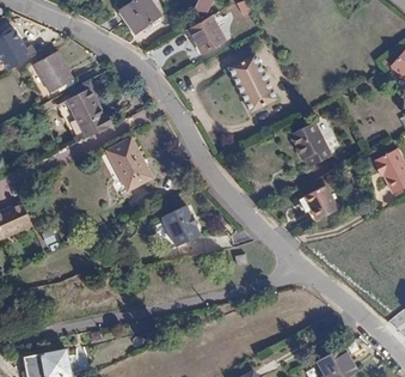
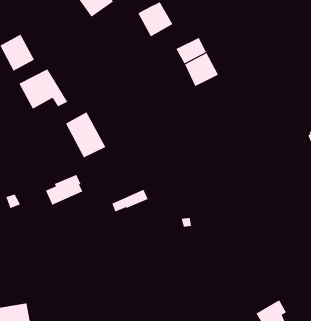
building: [289,122,331,166] -> none
building: [297,186,336,219] -> none
building: [151,205,192,239] -> [45,174,83,205]

